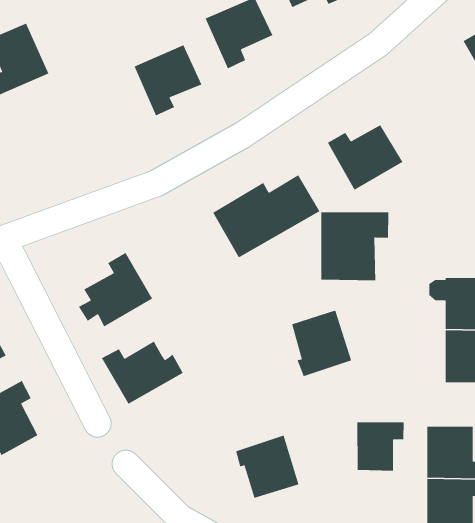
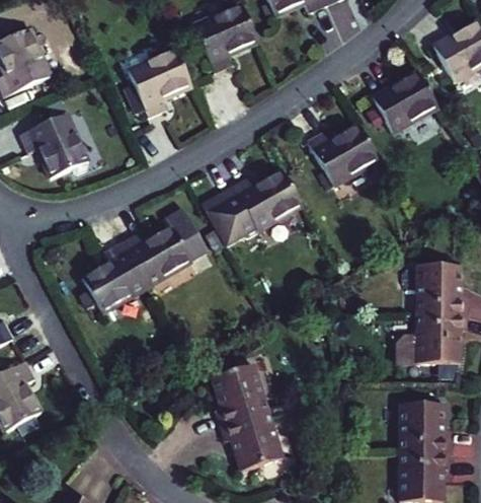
building: none -> [373,70,437,131]
building: none -> [21,114,88,176]
building: [320,211,389,281] -> none
building: [291,310,352,377] -> [212,363,268,426]
building: [101,340,184,405] -> [122,225,198,285]
building: [356,421,404,471] -> none

